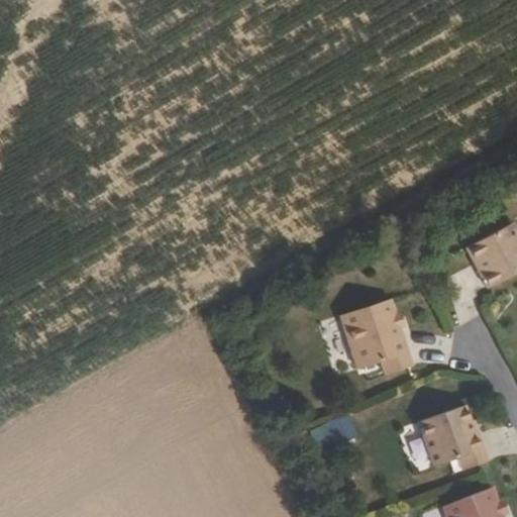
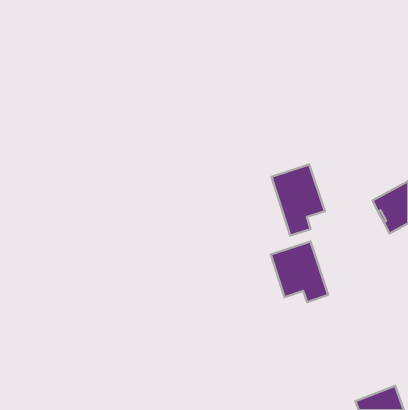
building: none -> [271,165,325,235]
building: [420,402,491,467] -> none

